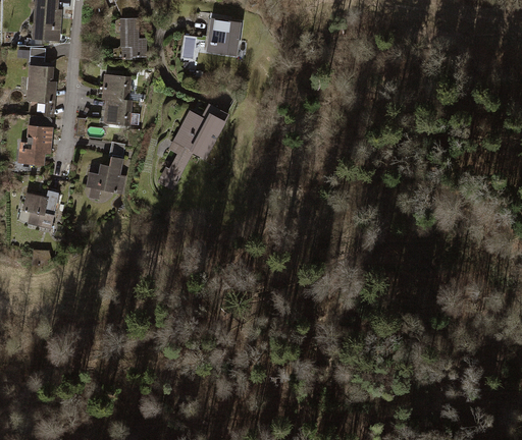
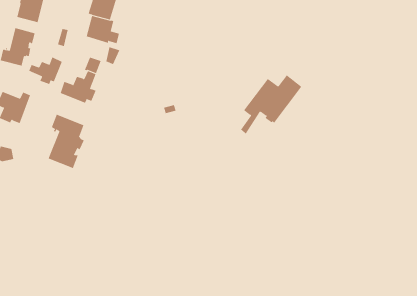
building: [170,104,227,173] -> [240,74,302,134]
building: none -> [28,57,62,85]
building: none -> [48,114,85,169]

